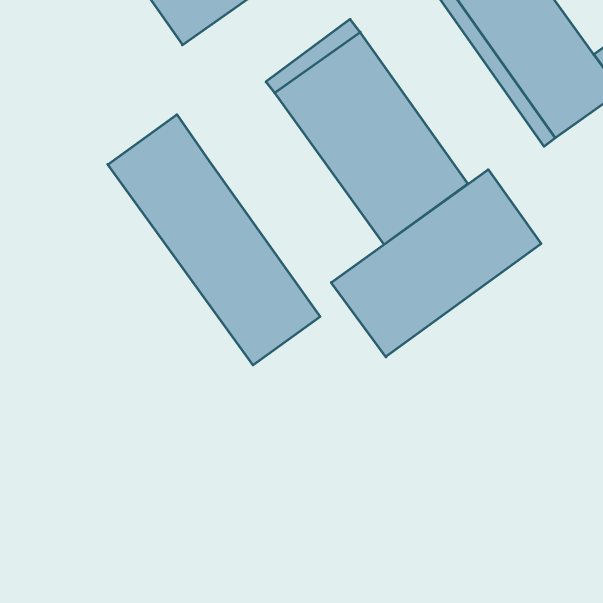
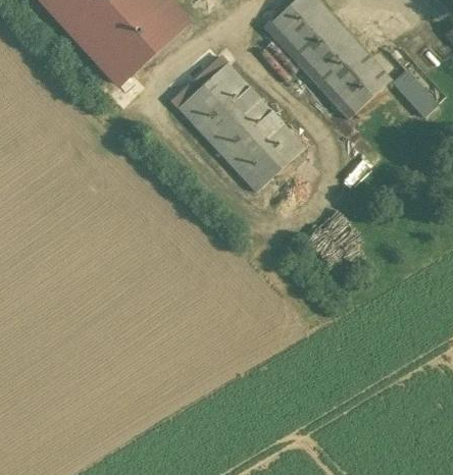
building: [108,115,320,365] -> none
building: [331,170,541,357] -> none

